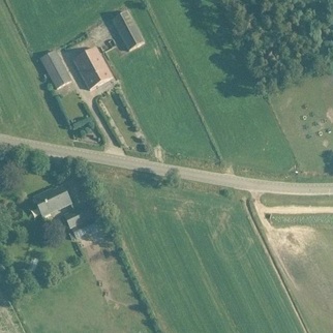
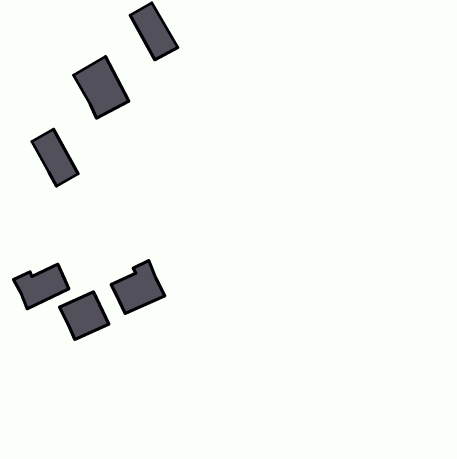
building: [39,50,70,88] -> [32,129,78,186]
building: none -> [111,261,165,314]

